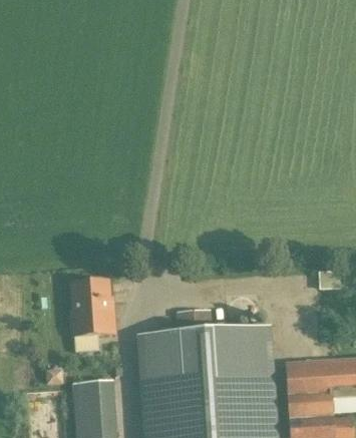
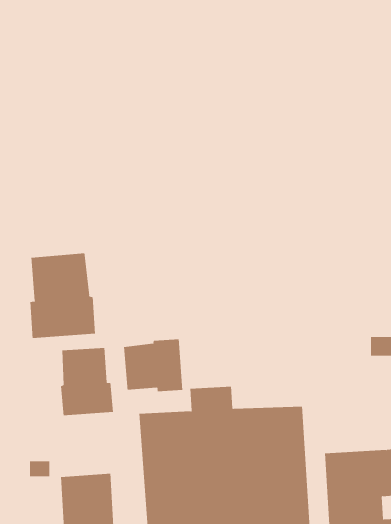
building: none -> [30,252,95,339]
building: none -> [123,339,183,392]

